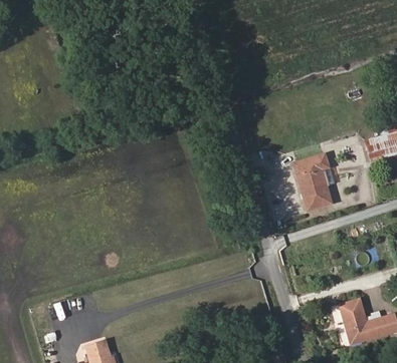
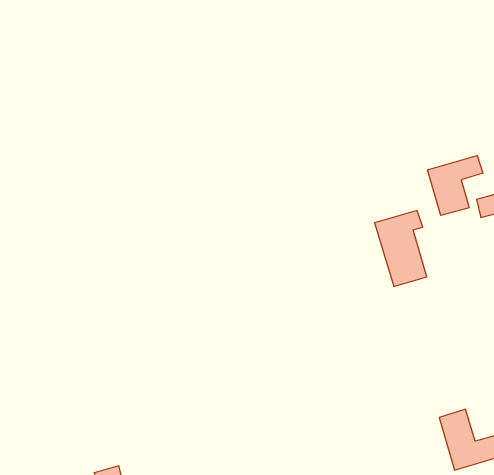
building: none -> [427,155,483,215]

